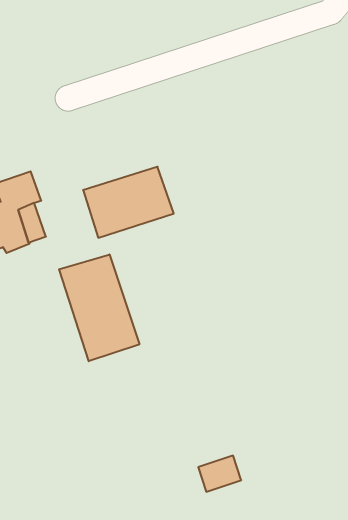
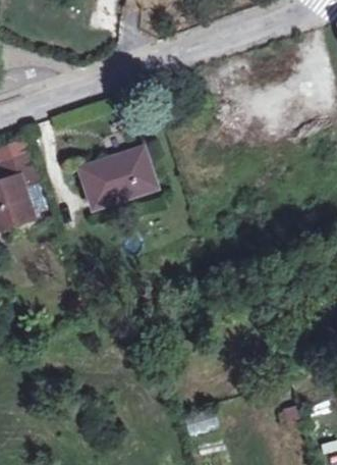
building: [59,254,139,361] -> none

